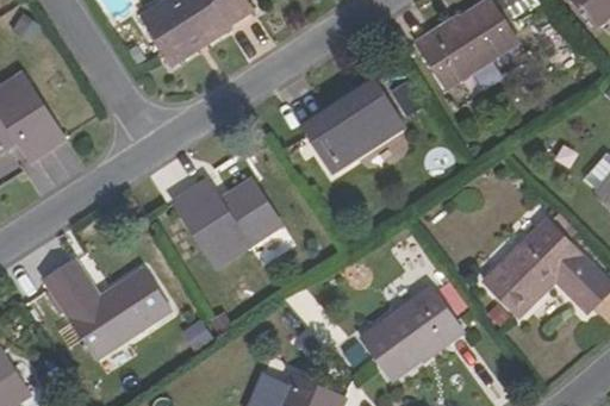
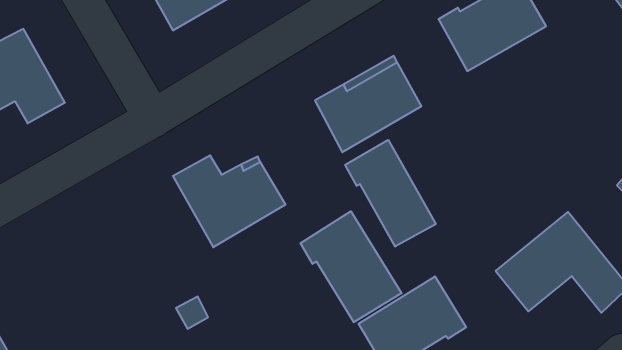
building: none -> [345,140,436,247]
building: none -> [300,211,402,322]
building: [45,260,170,360] -> none

